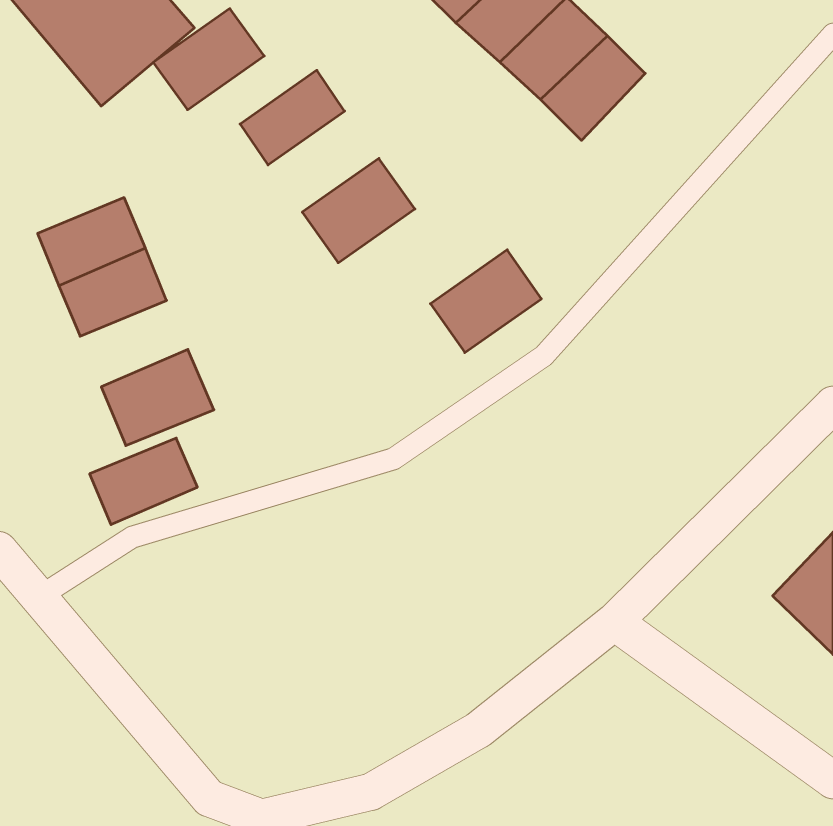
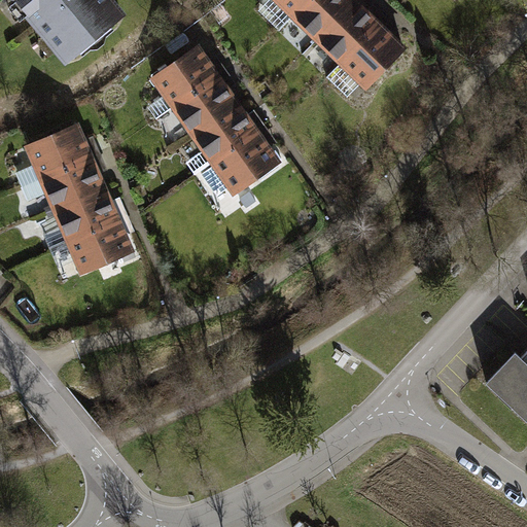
building: [153,9,264,110] -> [169,70,239,134]
building: [430,250,541,353] -> [213,132,283,197]
building: [90,438,197,525] -> [50,189,118,244]

